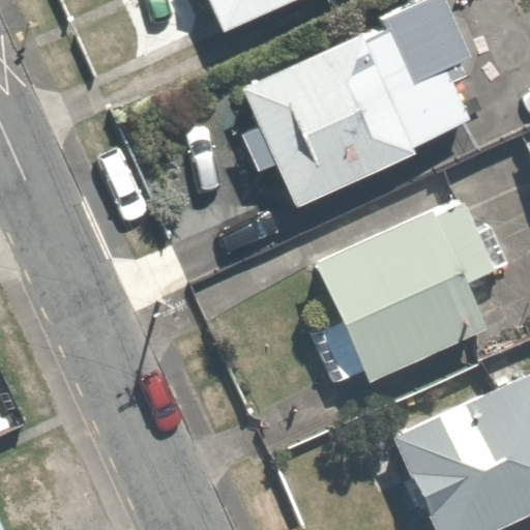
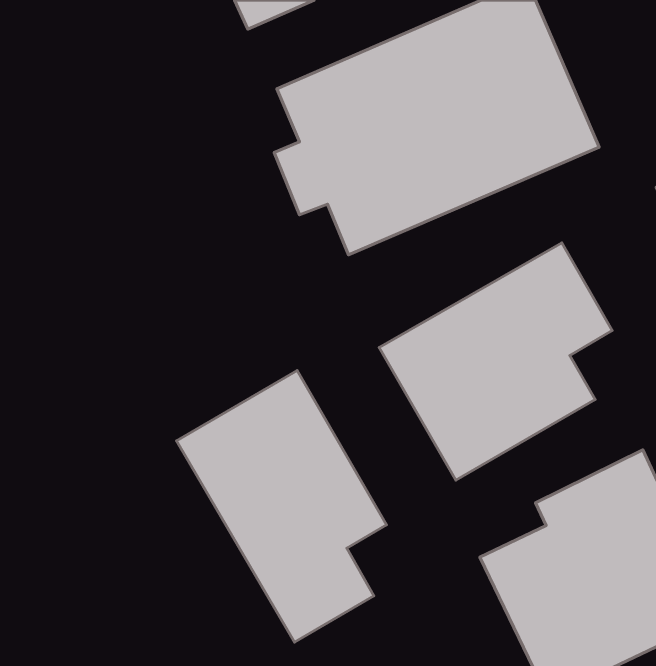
building: none -> [176,371,387,642]

